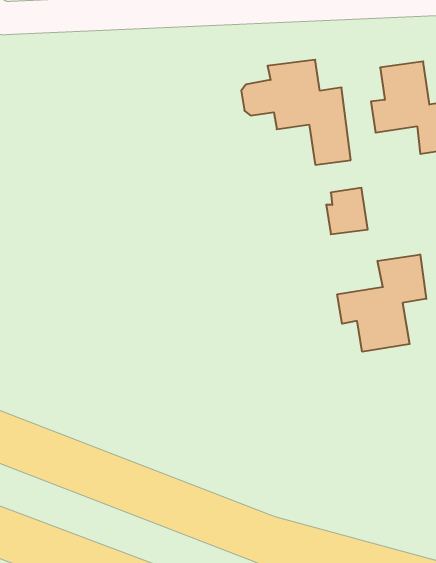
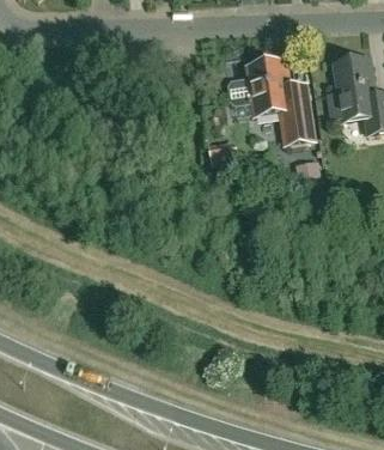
building: [337,254,426,352] -> none

